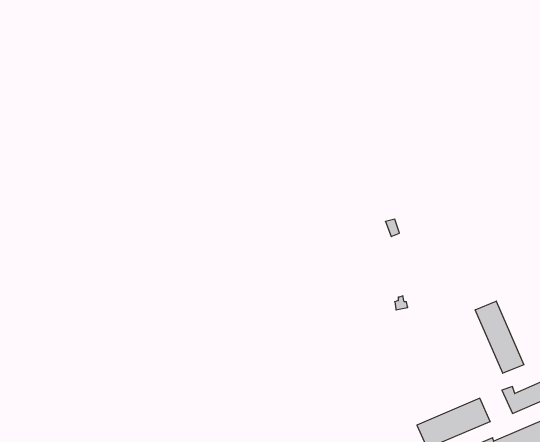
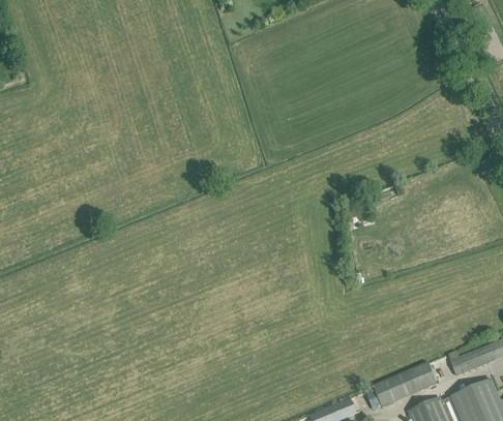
building: [475,301,524,373] -> none

